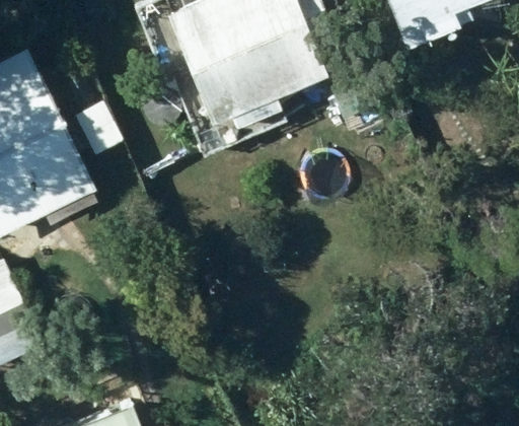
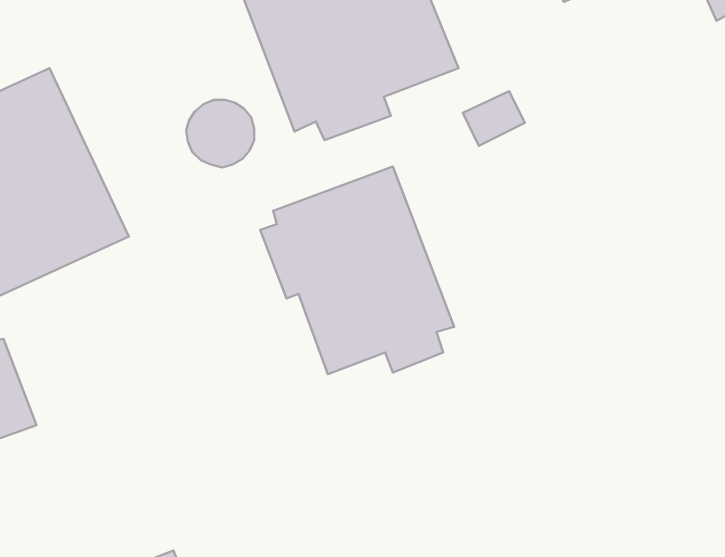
building: none -> [260,167,454,374]

